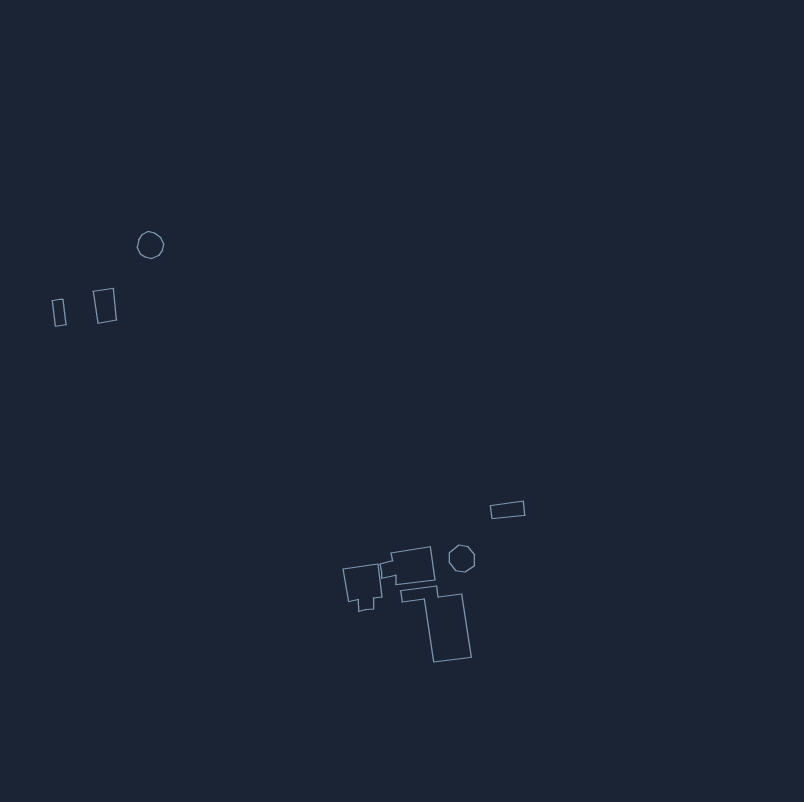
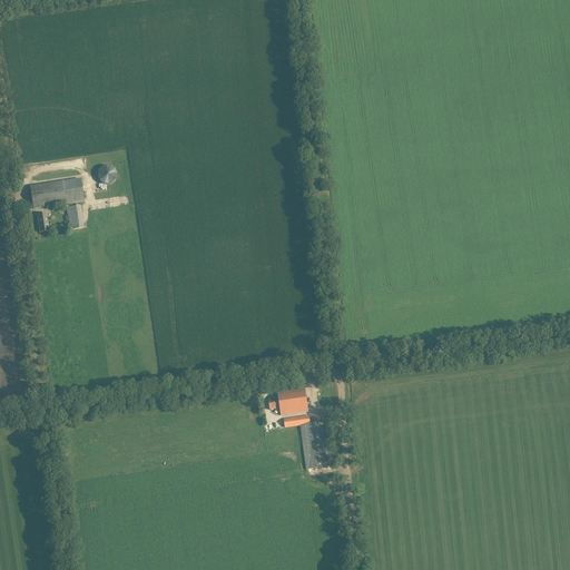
building: none -> [29,177,82,206]
building: [343,564,382,612] -> none

